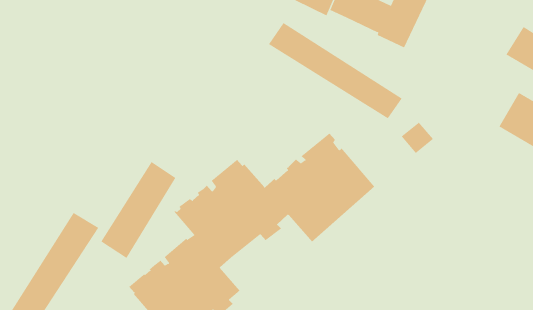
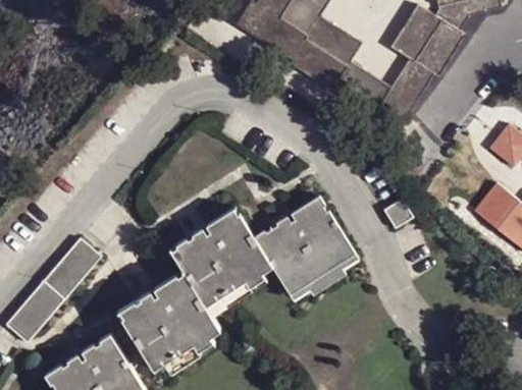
building: [268,22,402,119] -> none
building: [101,161,176,259] -> none

